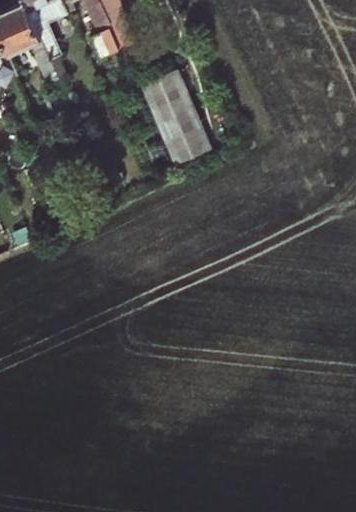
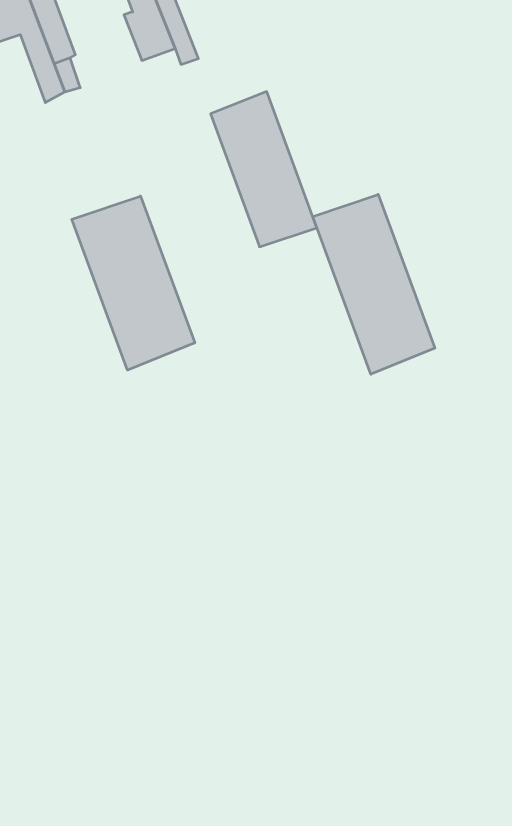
building: none -> [313,194,435,374]
building: none -> [72,196,195,370]

